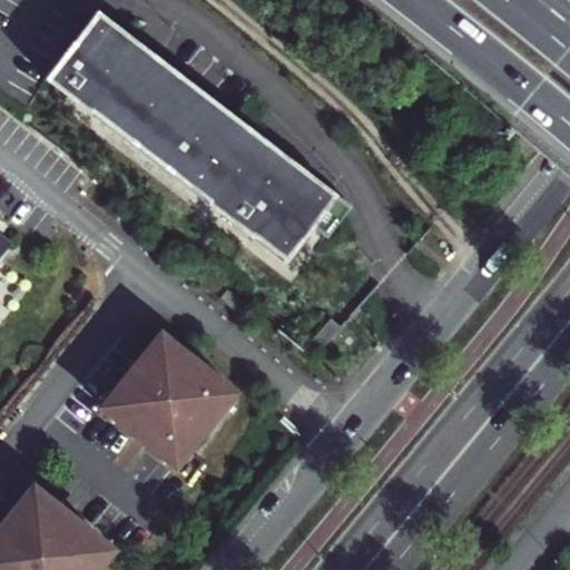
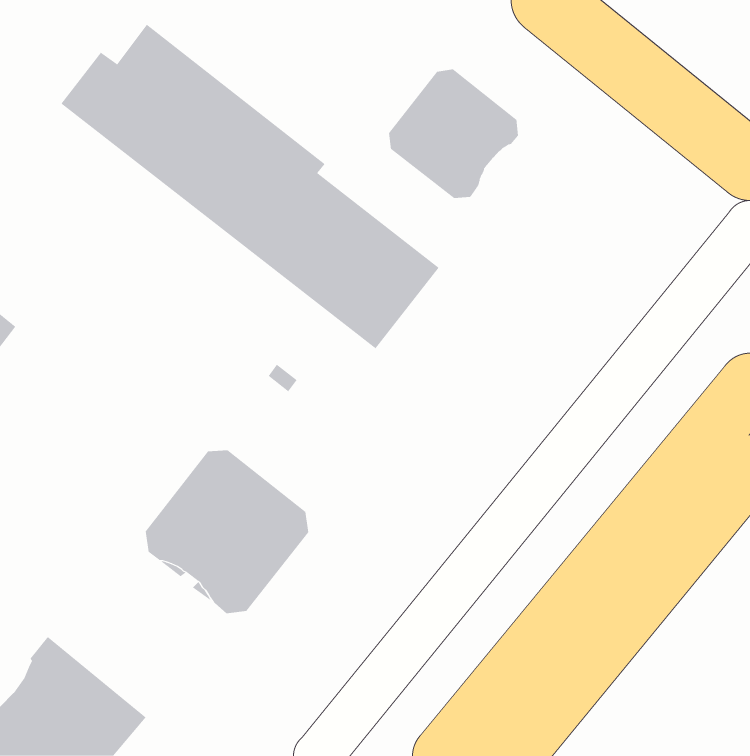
building: none -> [389,69,519,199]

